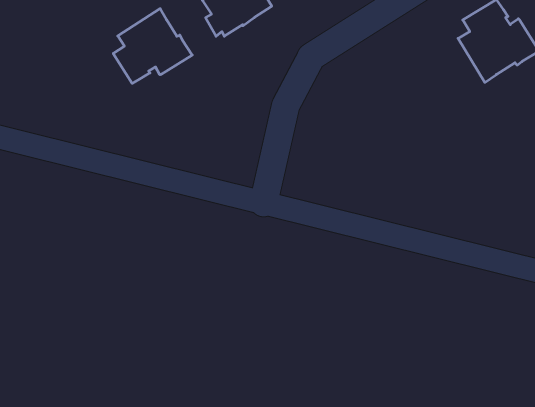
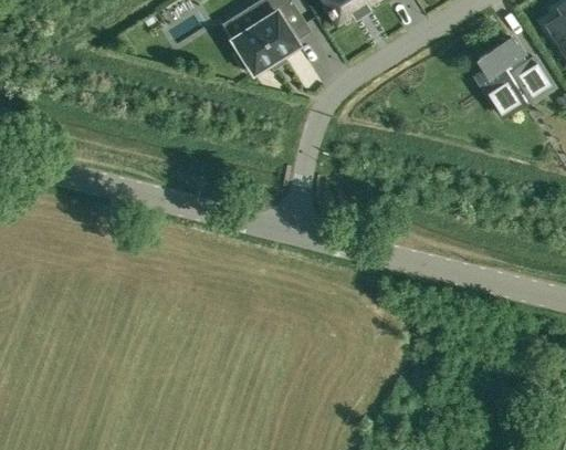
building: [113,9,192,83] -> none

